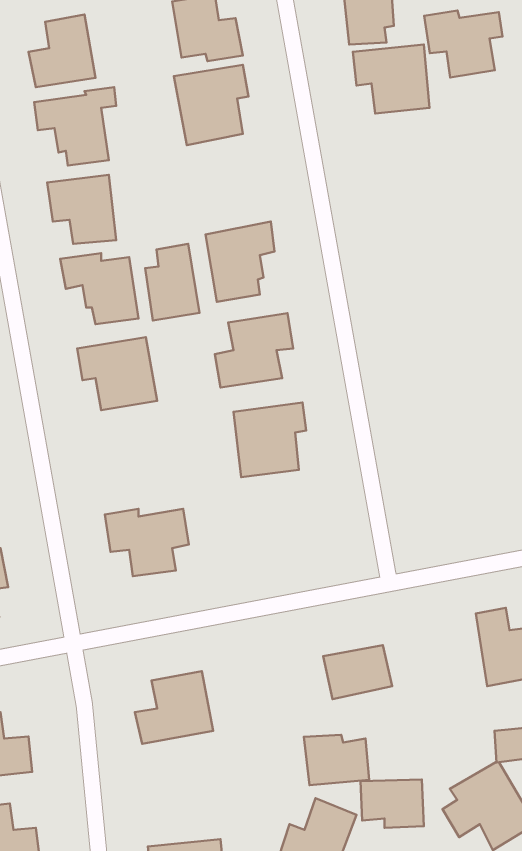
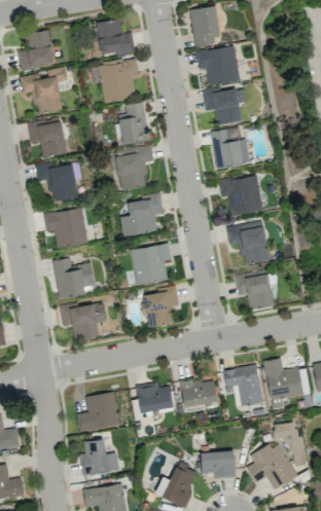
building: [424,10,502,78] -> [203,87,246,124]
building: none -> [212,127,250,169]
building: [145,244,199,320] -> [119,102,149,144]
building: none -> [219,175,262,216]
building: none -> [226,222,270,264]
building: none -> [54,258,94,298]
building: none -> [236,270,273,309]
building: none -> [144,288,179,327]
building: none -> [224,365,262,405]
building: [304,735,369,785] -> [137,384,173,411]
building: none -> [79,438,119,476]

